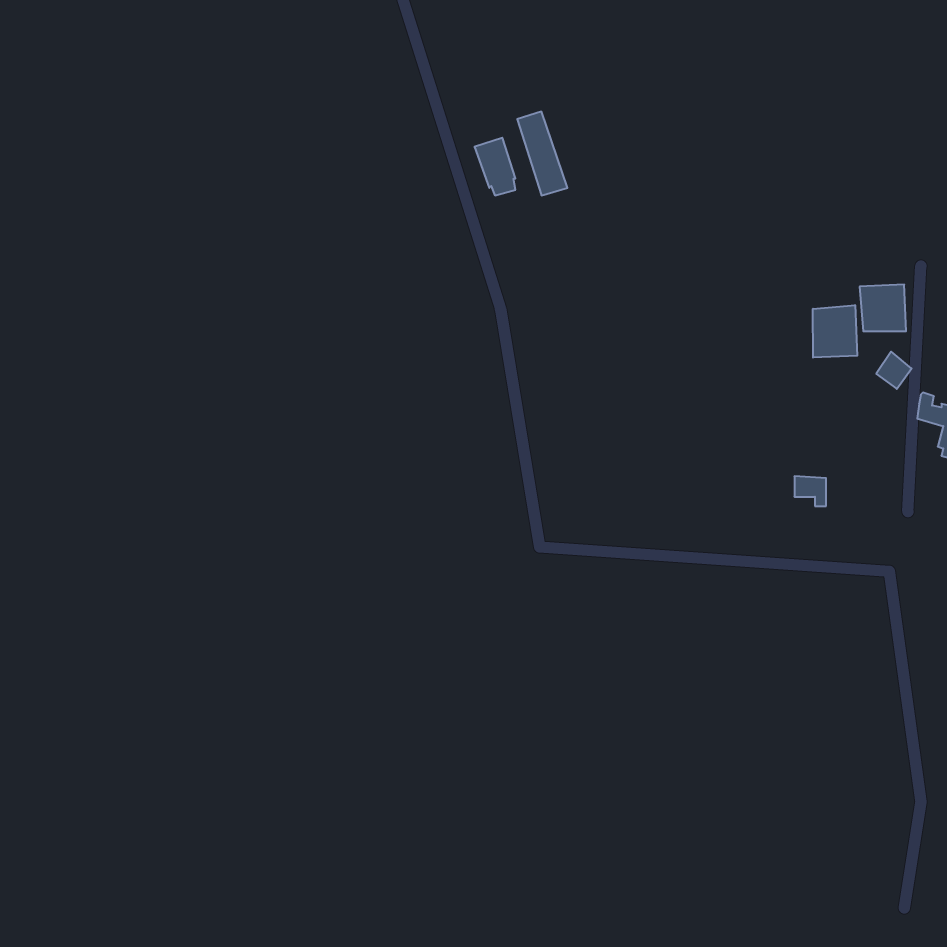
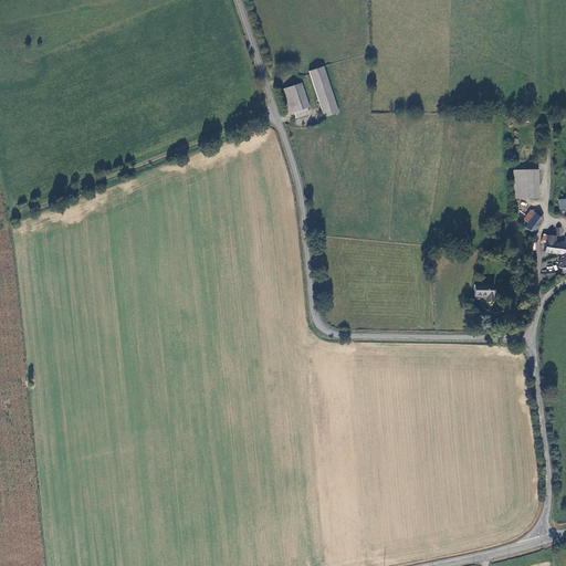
building: [813,305,857,358] -> none

